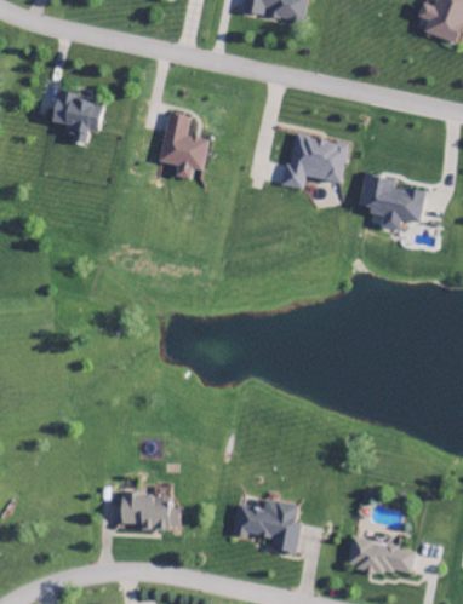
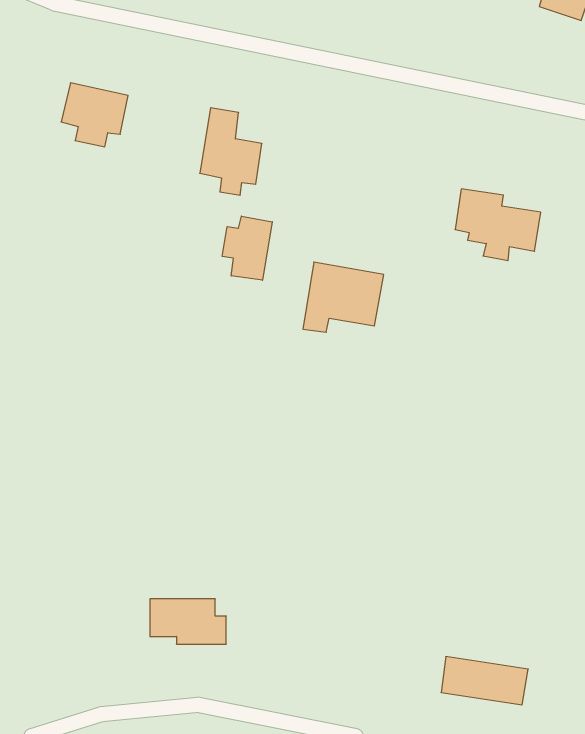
building: [285,134,348,189] -> [303,262,384,332]
building: none -> [222,216,272,280]
building: [233,497,302,553] -> none

